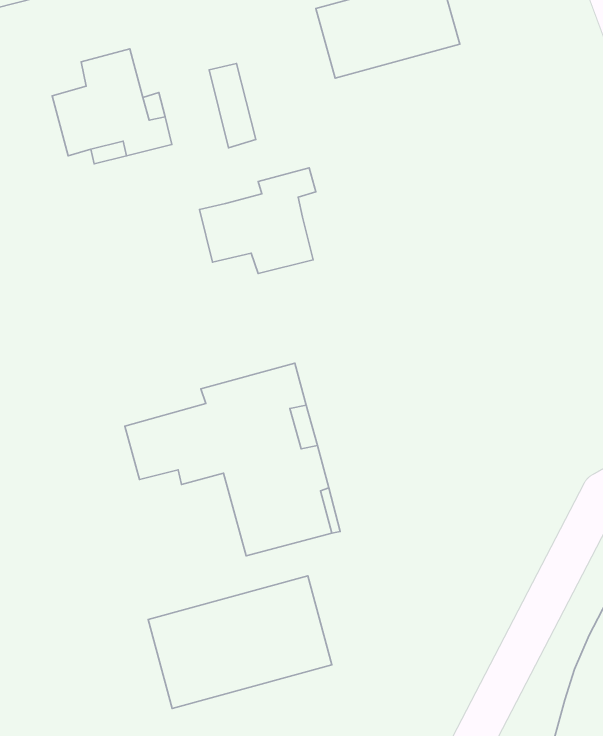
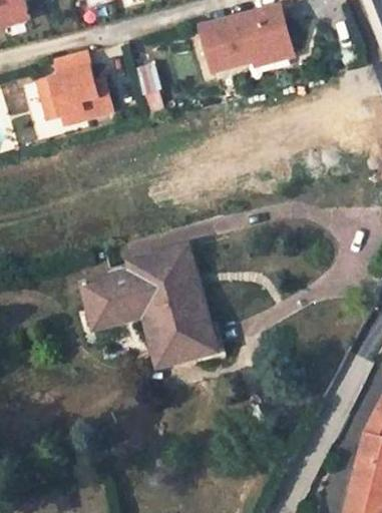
building: [199,168,316,274] -> none
building: [148,576,332,709] -> none

